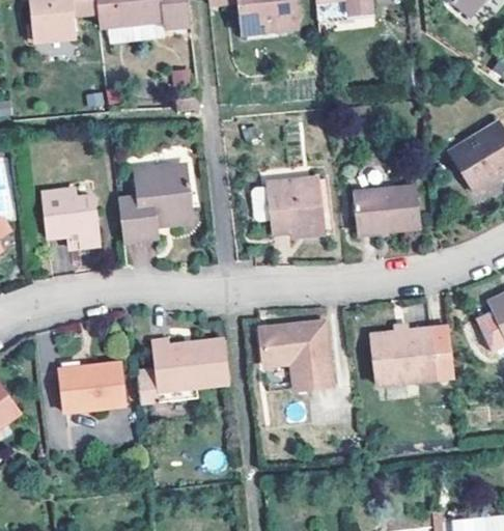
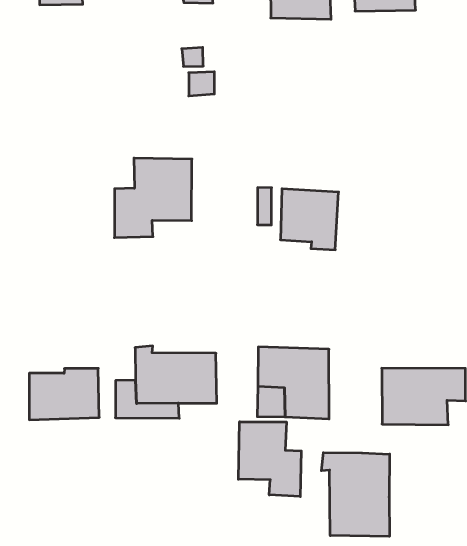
building: [352,184,419,231] -> none
building: [43,186,101,249] -> none
building: none -> [238,422,301,497]
building: none -> [321,453,390,536]

